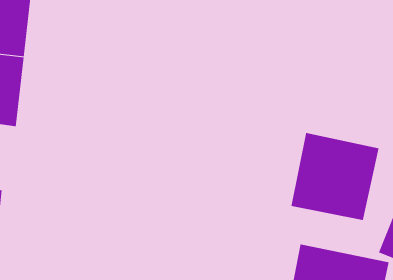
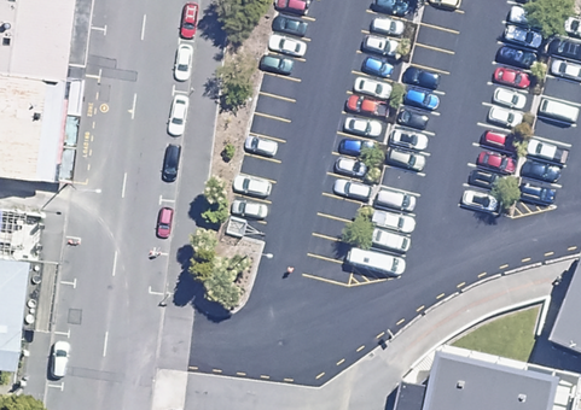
building: [291,132,379,221] -> none

